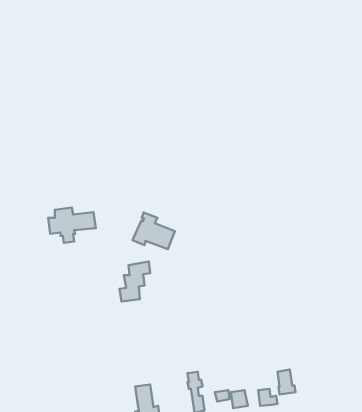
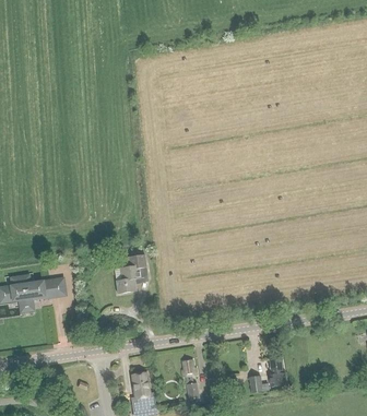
building: [48,208,96,243] -> [7,275,52,309]
building: [133,212,175,249] -> none

